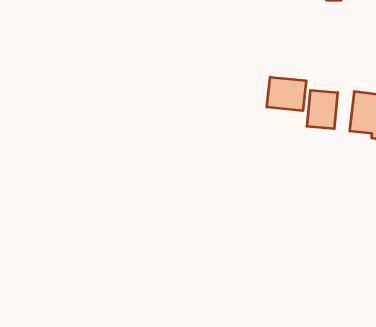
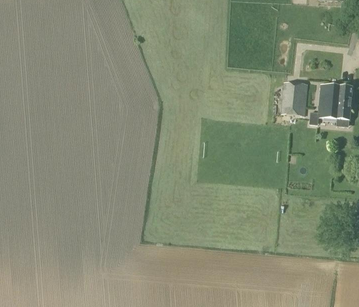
building: [267,77,306,111] -> none

